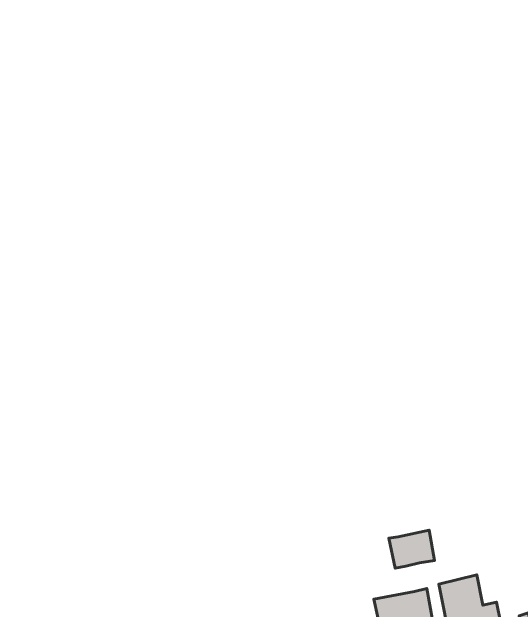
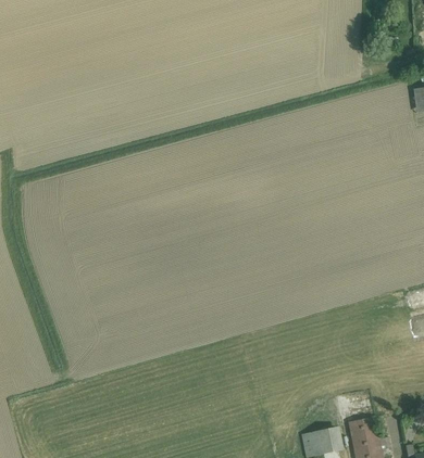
building: [389,530,435,568] -> none

